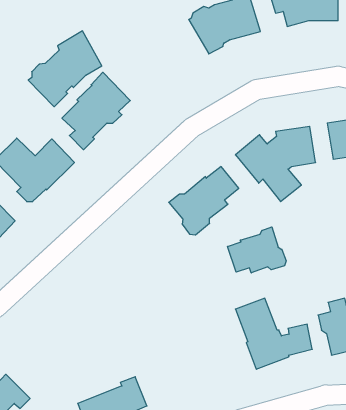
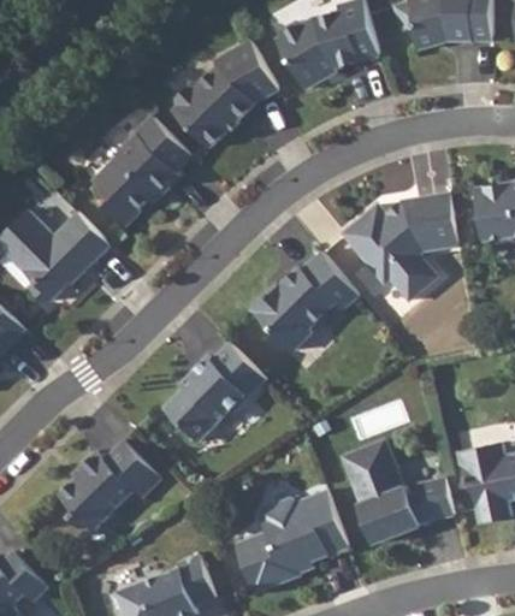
building: [28,31,102,107] -> [172,38,278,148]
building: [228,227,286,273] -> none
building: none -> [164,342,266,440]
building: none -> [58,439,160,534]
building: none -> [235,490,349,591]

